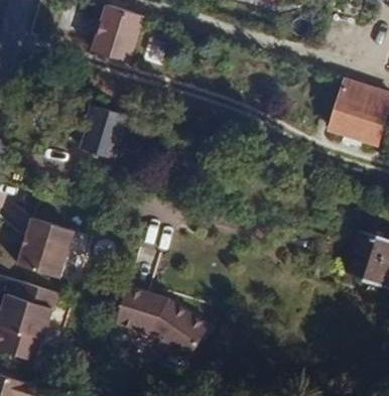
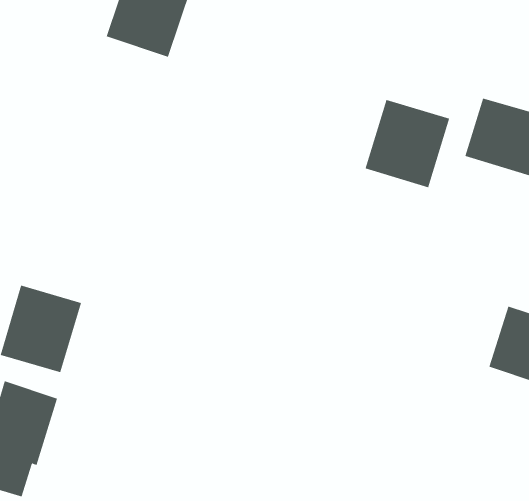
building: none -> [365,99,450,188]
building: [80,105,127,158] -> none
building: [116,286,210,358] -> none

